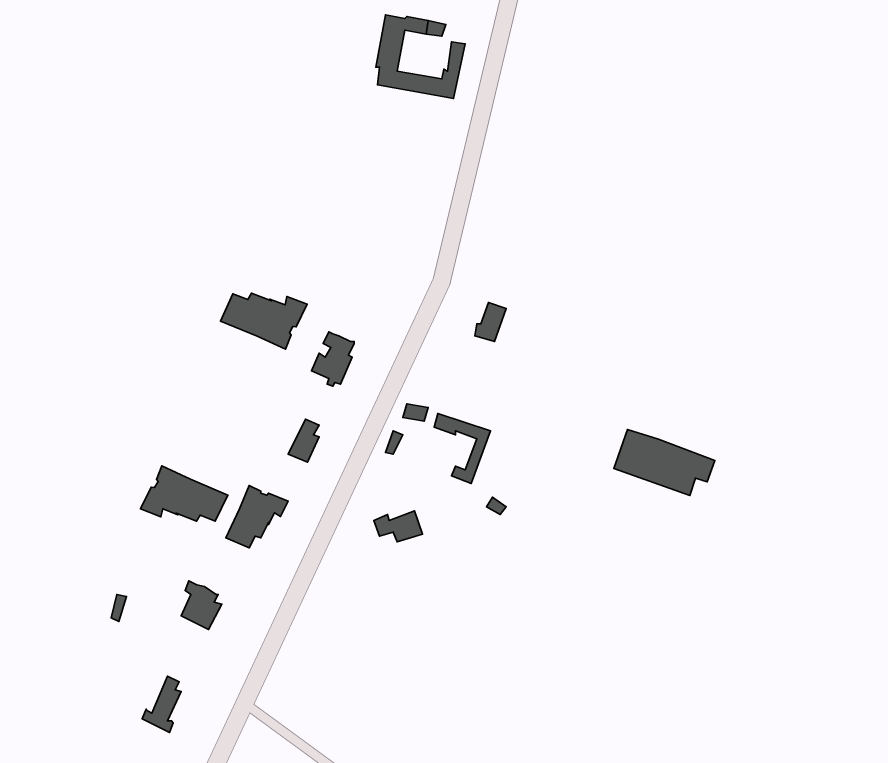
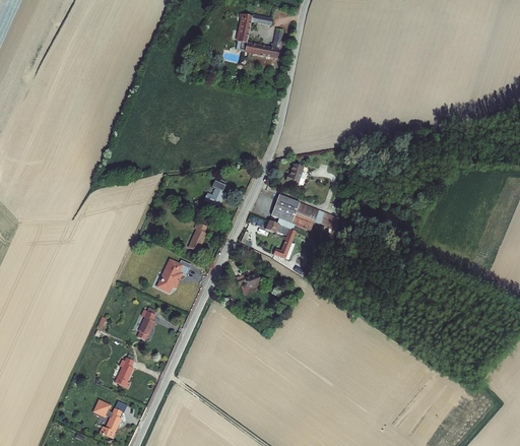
building: [220,293,307,349] -> none
building: [614,429,715,496] -> [269,194,322,229]
building: [141,466,228,521] -> none

